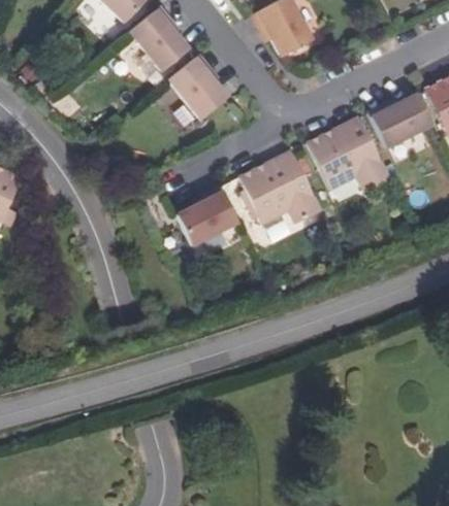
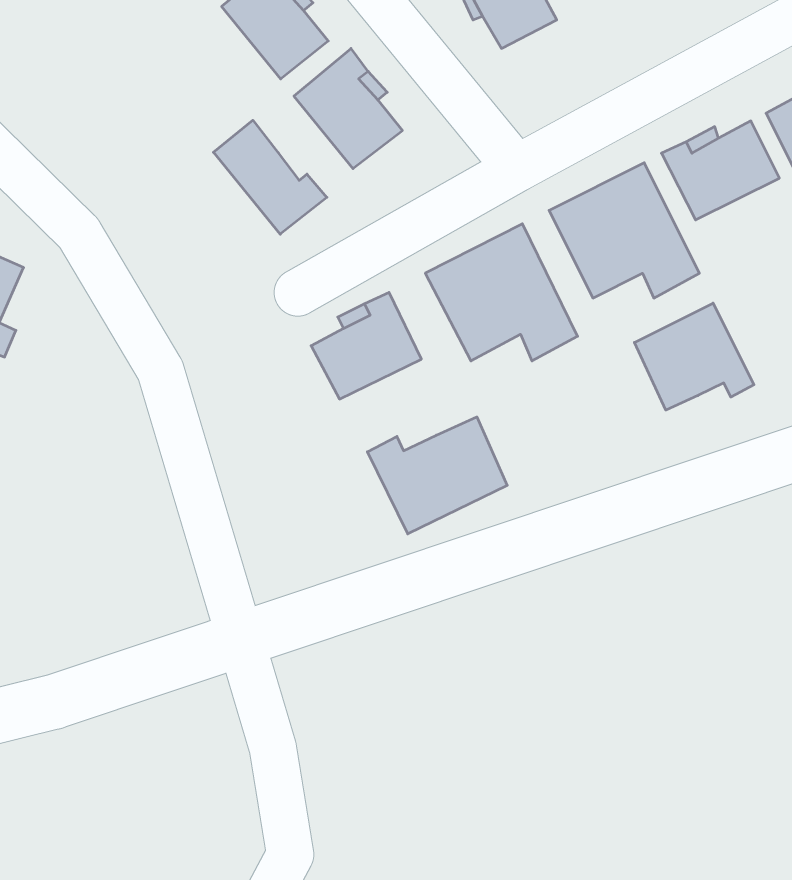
building: none -> [213,120,327,234]
building: none -> [634,303,754,410]
building: none -> [367,417,507,534]

